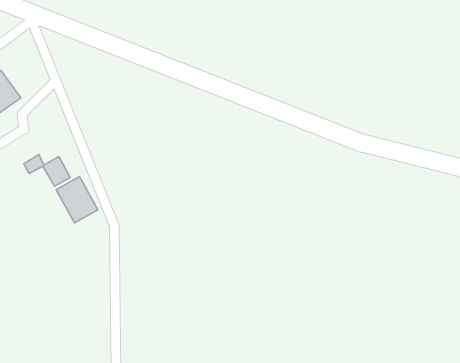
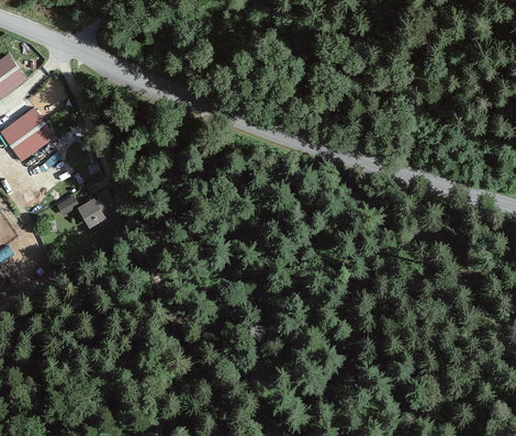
building: [56,176,98,223] -> none

